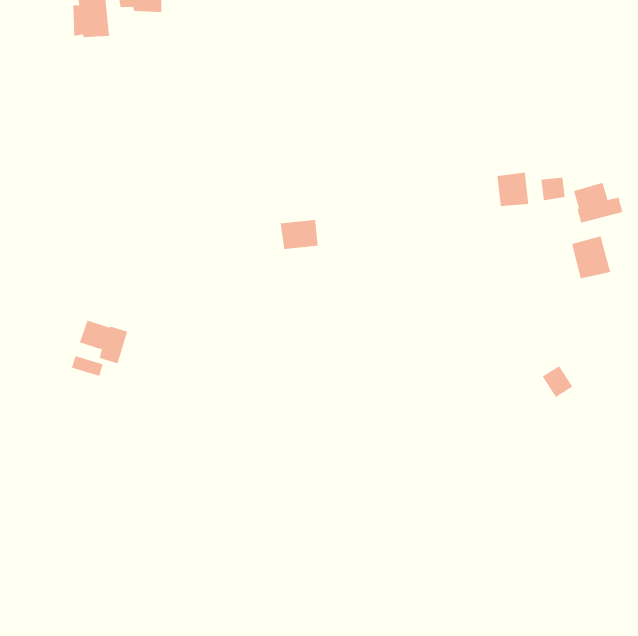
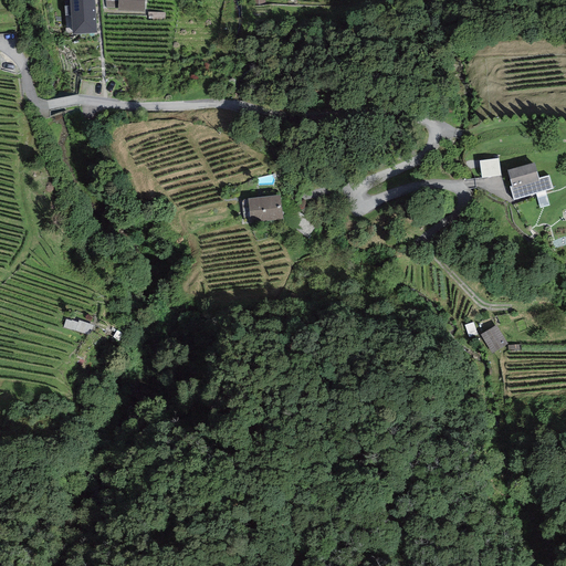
building: [497,172,529,207] -> none
building: [571,235,611,279] -> none
building: [79,320,128,364] -> none

